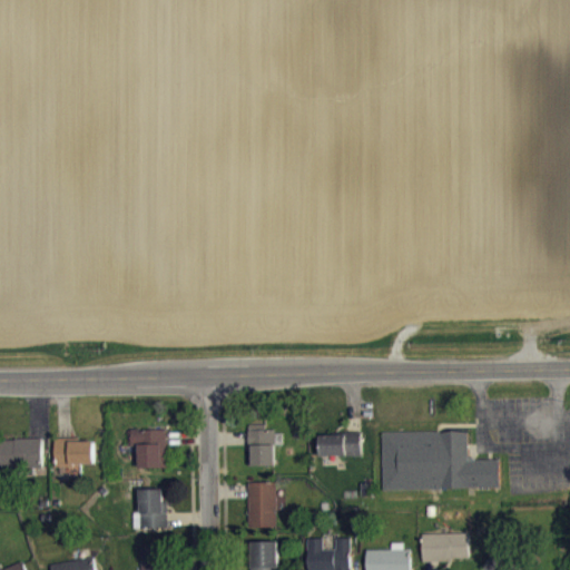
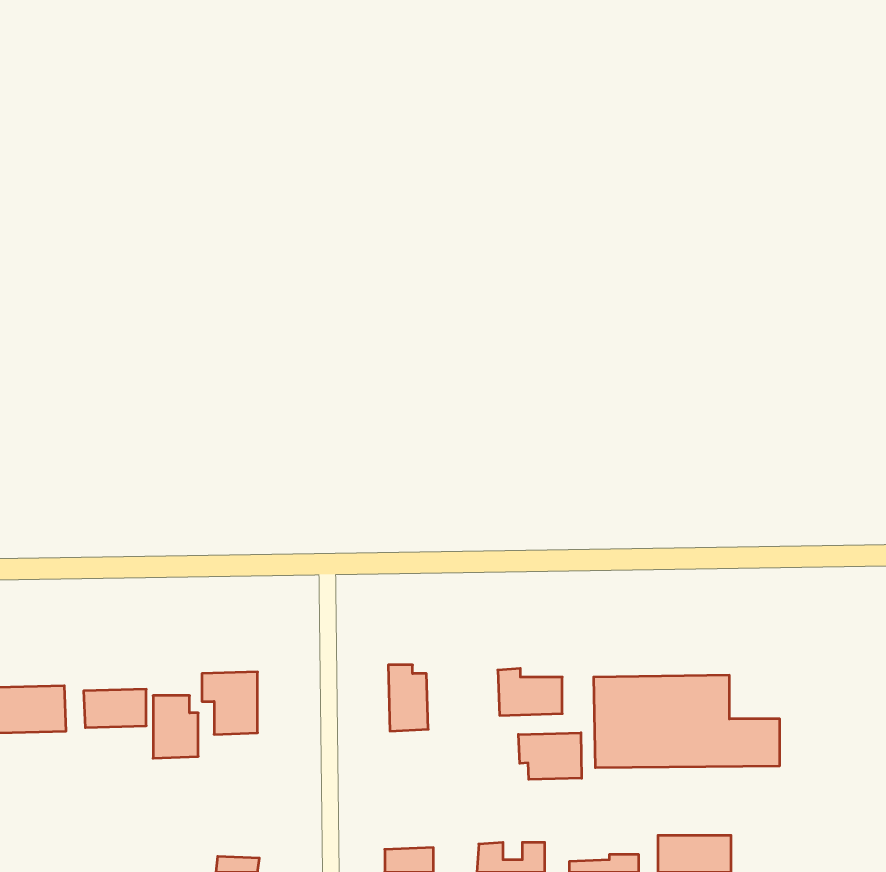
building: none -> [518,733,582,779]
building: [246,483,275,530] -> none
building: [138,490,167,530] -> [153,696,198,758]

